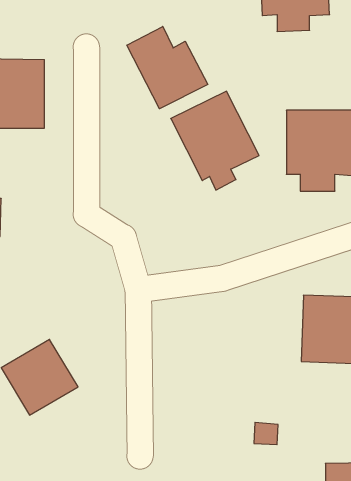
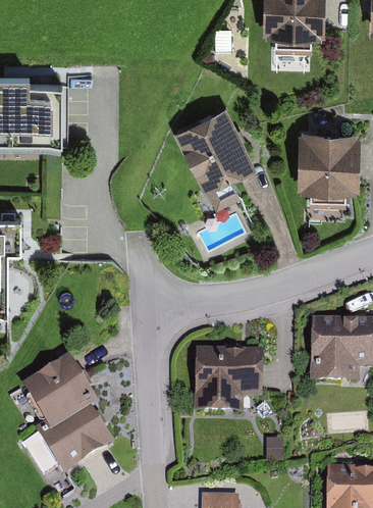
building: [127,26,208,109] -> none
building: none -> [194,344,265,410]
building: none -> [41,403,115,473]

